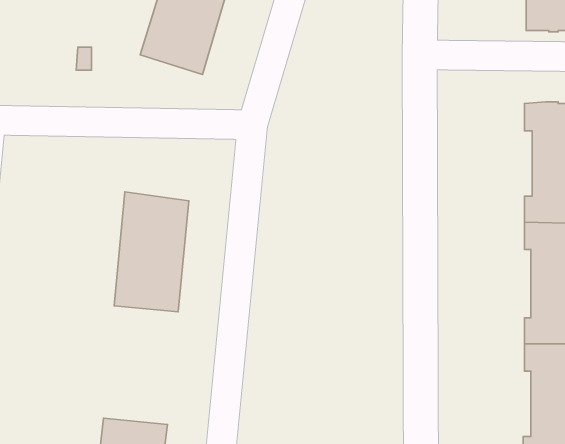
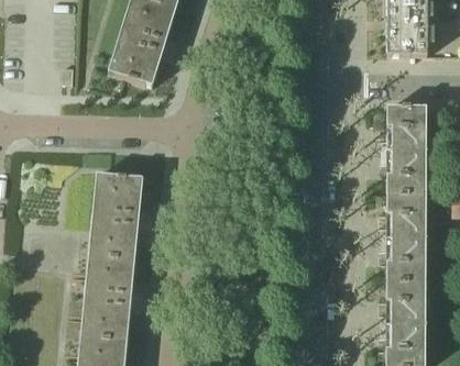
building: none -> [81,253,135,339]

